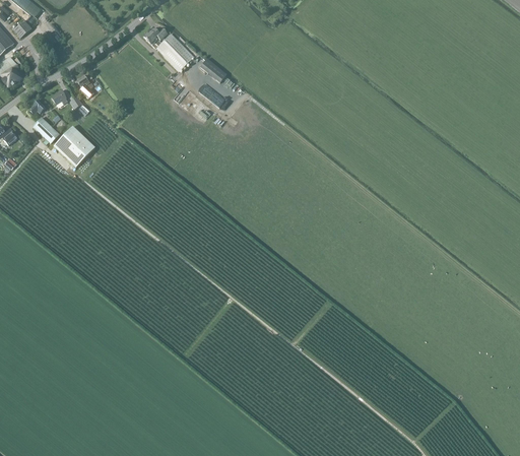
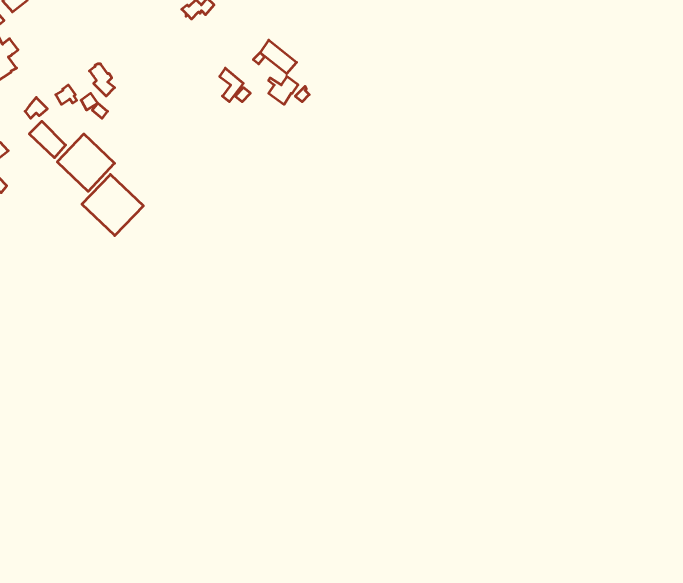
building: [156,32,194,70] -> none
building: none -> [82,174,143,236]

